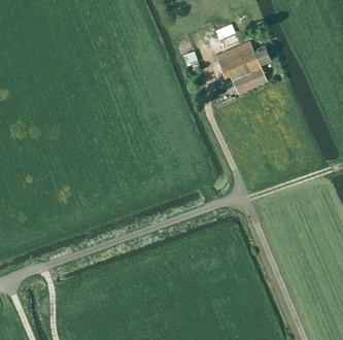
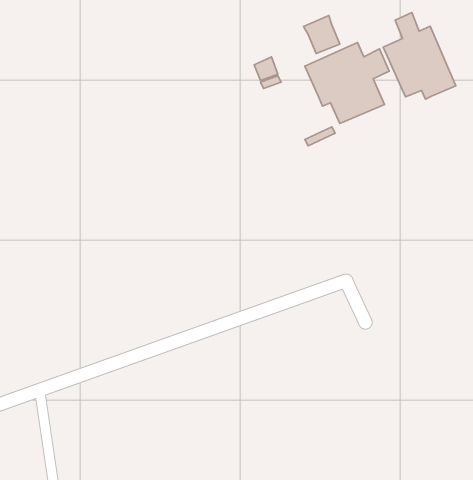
building: none -> [383,12,456,99]

